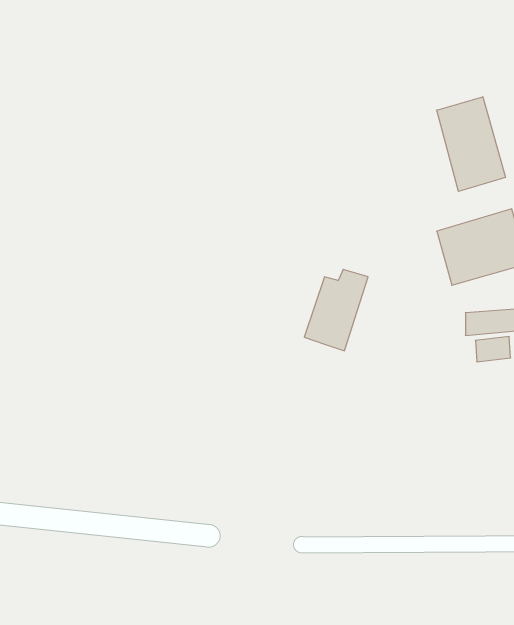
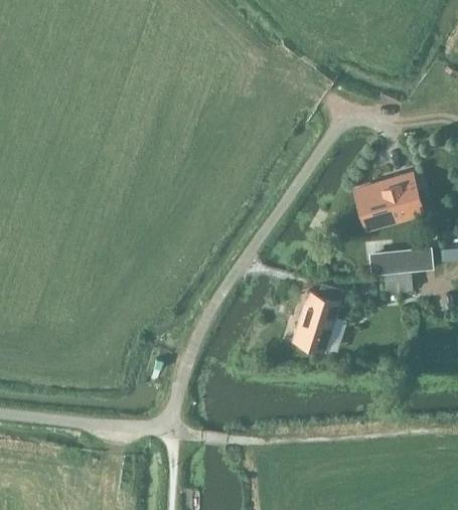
building: [437,97,506,191] -> none
building: [304,269,368,351] -> [291,286,342,351]

